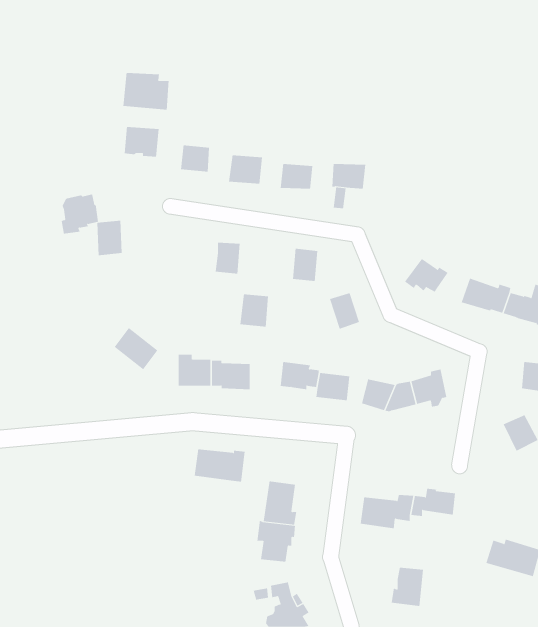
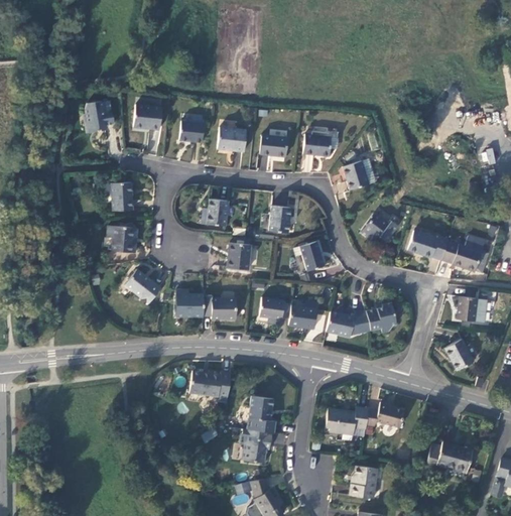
building: [123,72,169,110] -> none
building: none -> [344,158,376,189]
building: [61,194,99,234] -> [84,98,115,131]
building: none -> [107,225,134,252]

